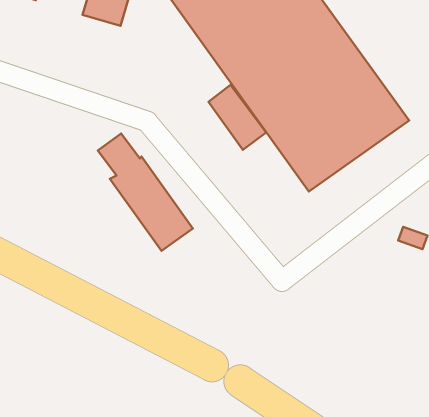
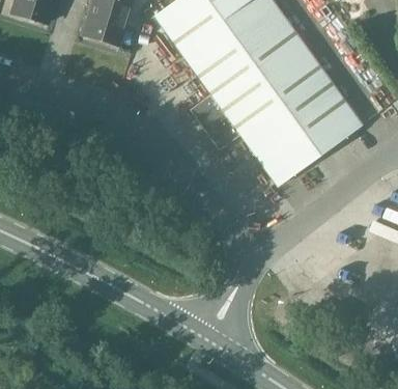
building: [98,133,193,251] -> none

